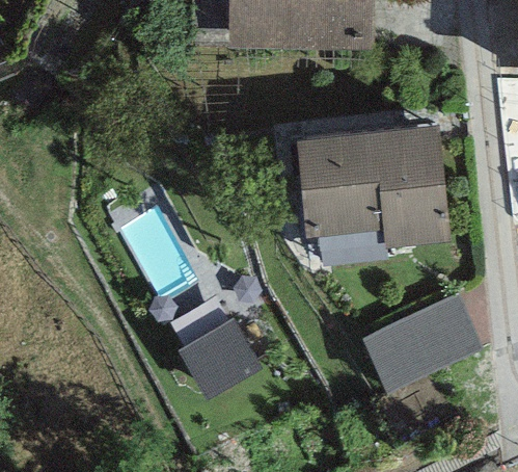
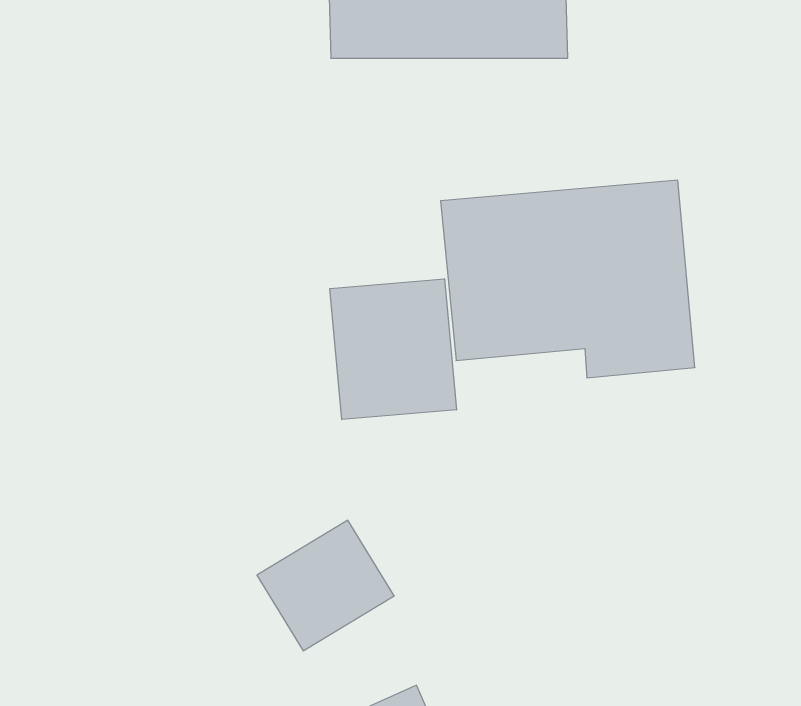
building: none -> [330,279,456,420]
building: [361,293,486,396] -> none

